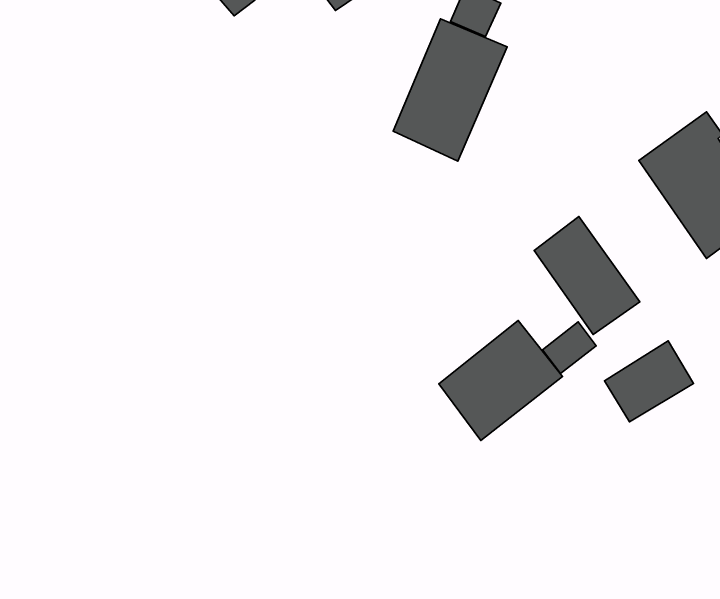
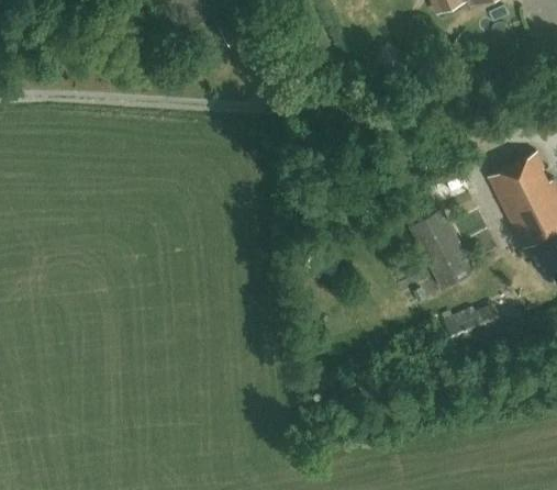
building: [393,19,507,161] -> none
building: [439,321,563,440] -> none

